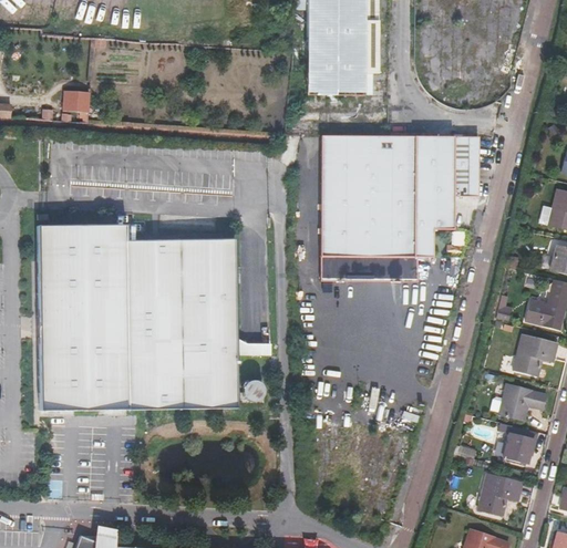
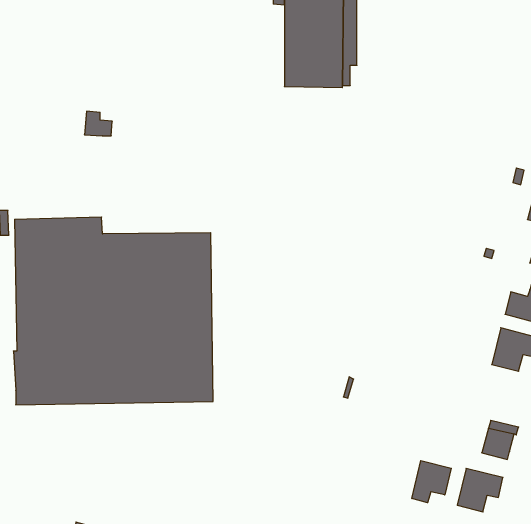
building: [62,86,90,111] -> [84,111,112,136]
building: [321,136,478,280] -> none
building: [491,384,547,420] -> none
building: none -> [412,461,451,503]

